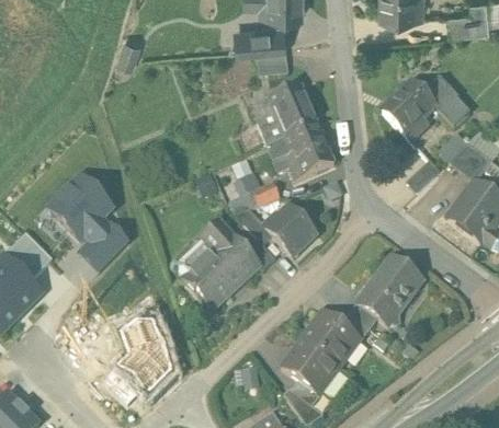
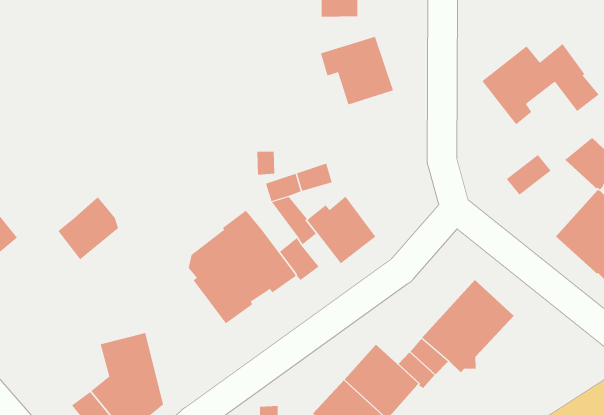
building: [268,123,334,180] -> none
building: [49,176,112,240] -> none

